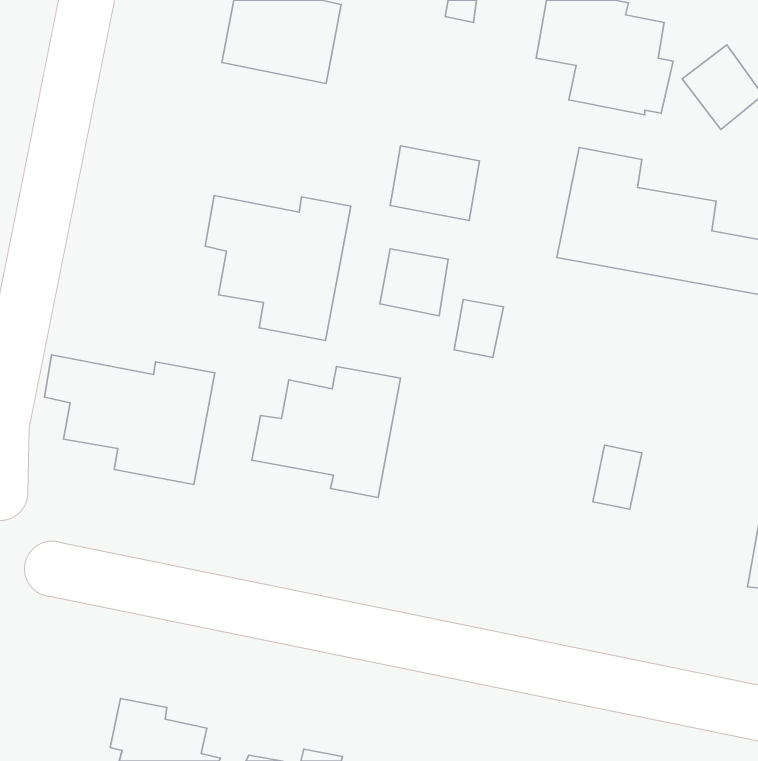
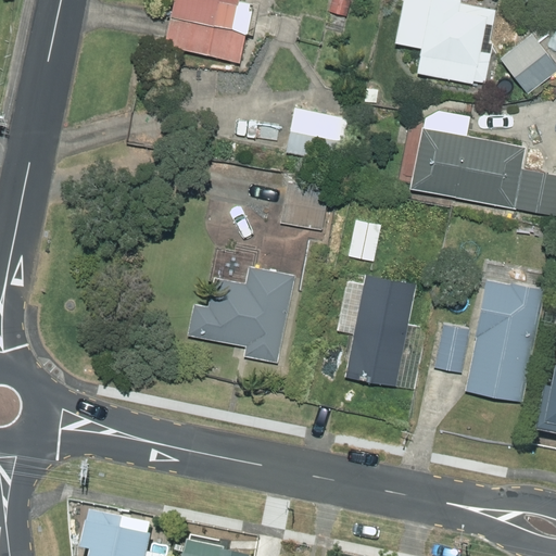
building: [205,196,351,340] -> none
building: [44,355,215,485] -> none
building: none -> [343,274,416,387]
building: none -> [465,280,544,402]

